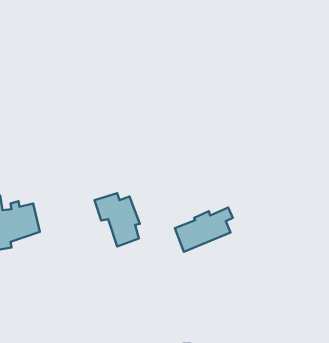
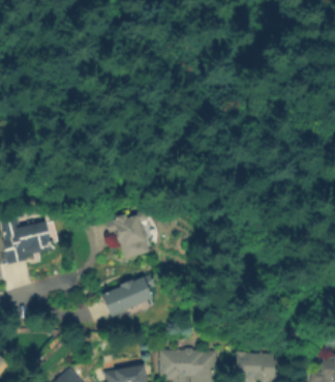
building: [175,208,233,252] -> [102,276,155,317]

